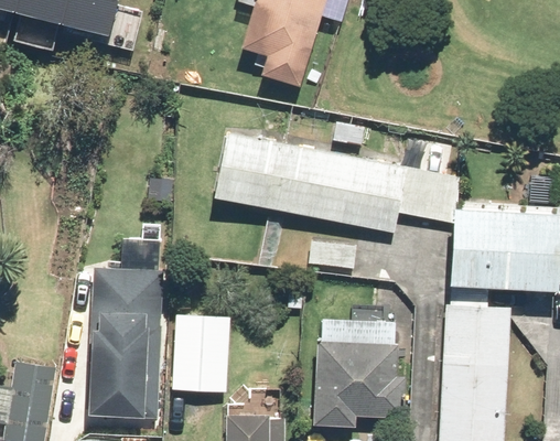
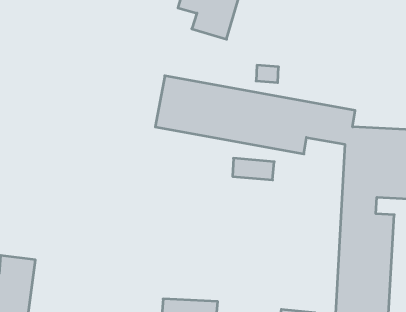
building: [85,265,166,419] -> none
building: [173,314,230,391] -> none
building: [313,321,405,426] -> none

